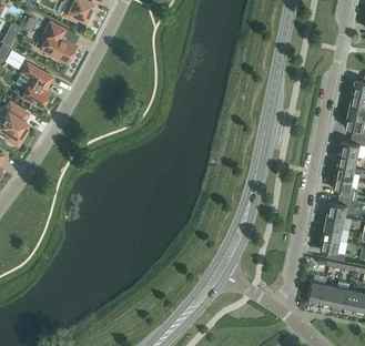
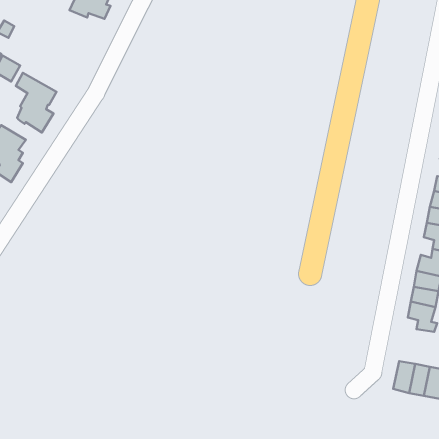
building: [40,21,77,63] -> none

